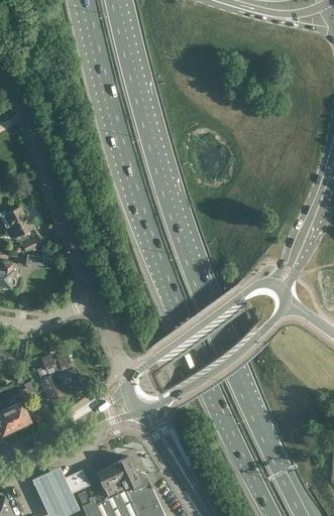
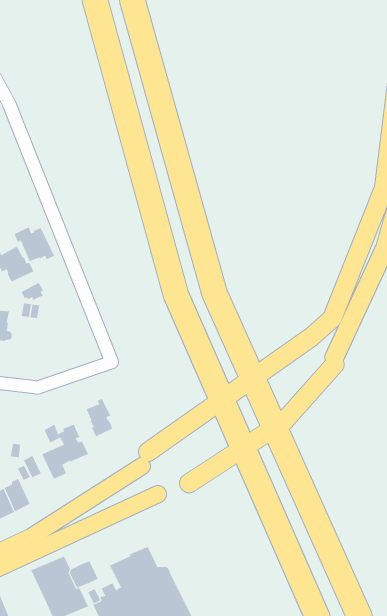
building: none -> [14,227,55,262]
building: none -> [86,398,113,437]

